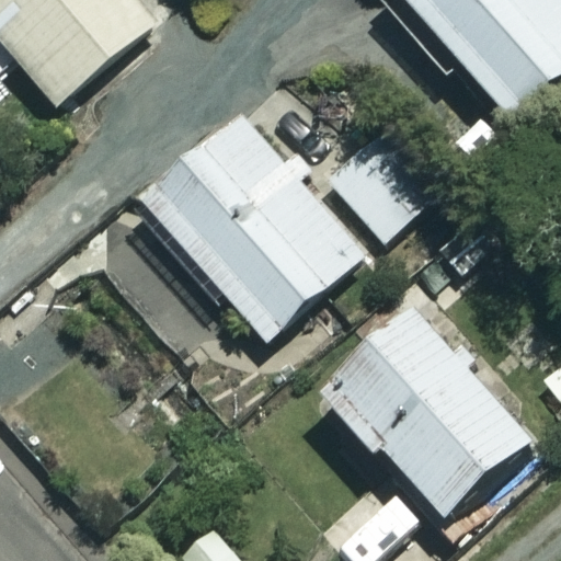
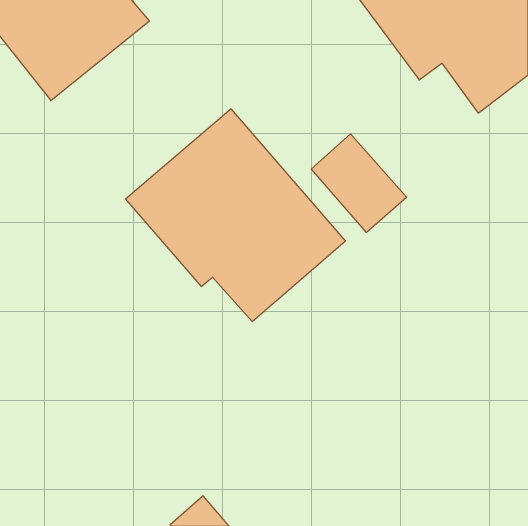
building: [317,301,533,514] -> none

